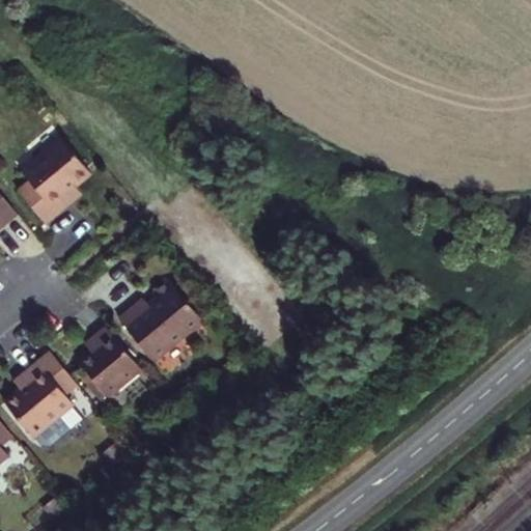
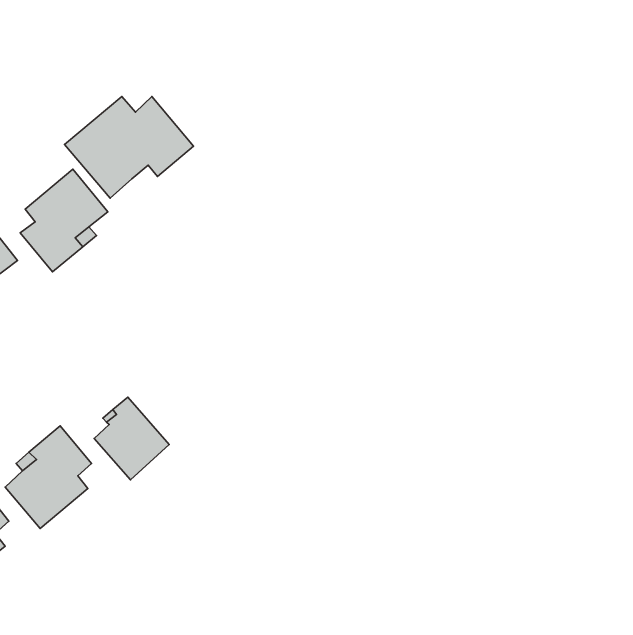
building: none -> [65,97,193,198]
building: [119,281,205,362] -> none

